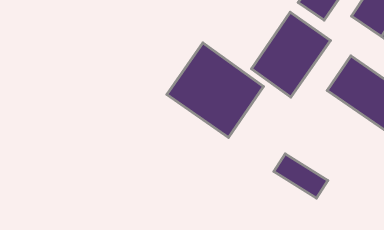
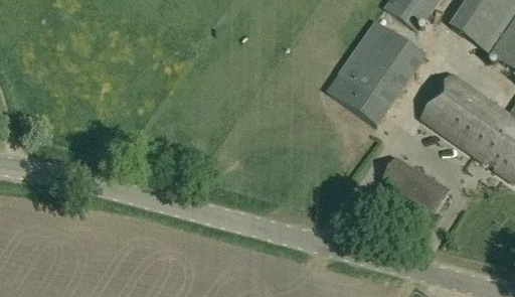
building: [167,43,264,138] -> none
building: [274,154,328,198] -> [380,155,448,210]

